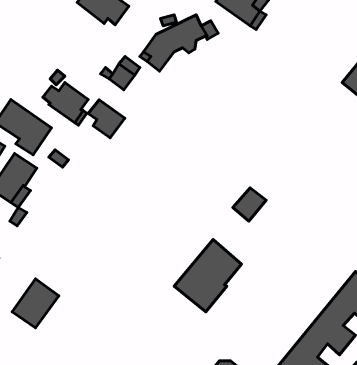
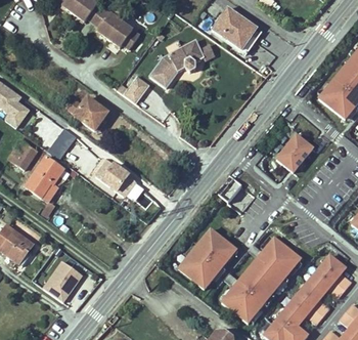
building: [88,100,125,138] -> [98,159,129,190]
building: none -> [276,133,313,172]
building: none -> [221,237,301,323]

